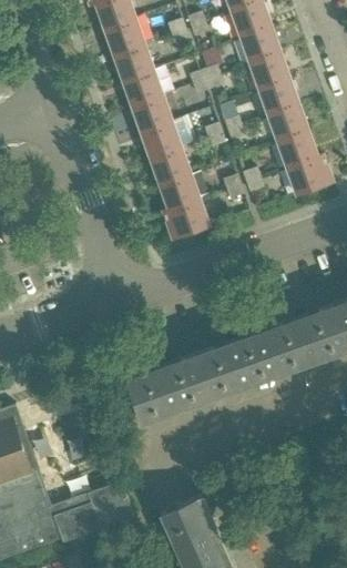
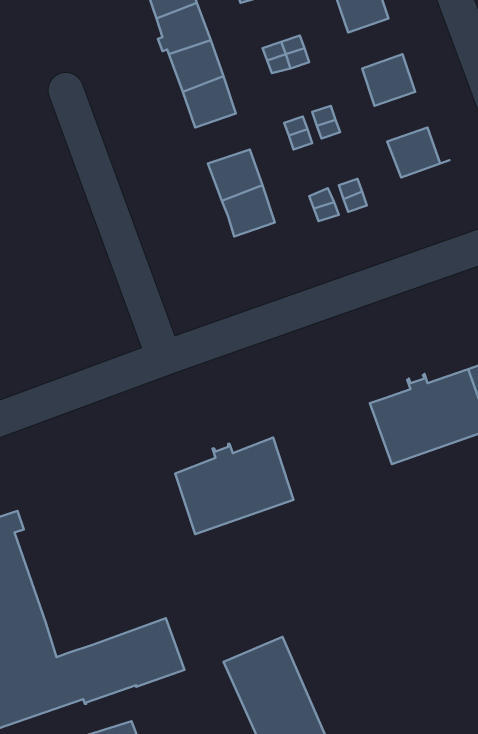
building: [252,57,290,92] -> none
building: [271,109,308,144] -> none
building: [143,124,182,160] -> none
building: [289,158,333,197] -> none
building: [166,202,210,241] -> none
building: [198,331,283,399] -> none

